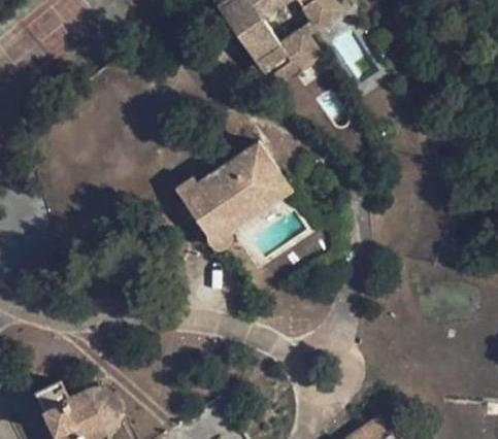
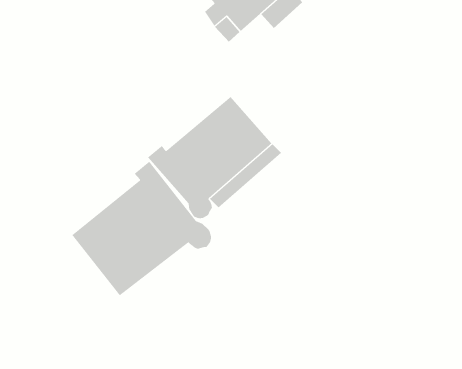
building: none -> [72,161,212,296]

